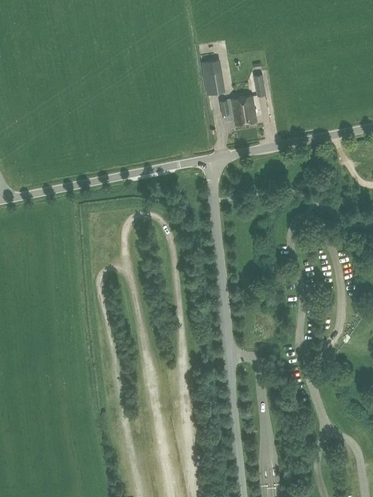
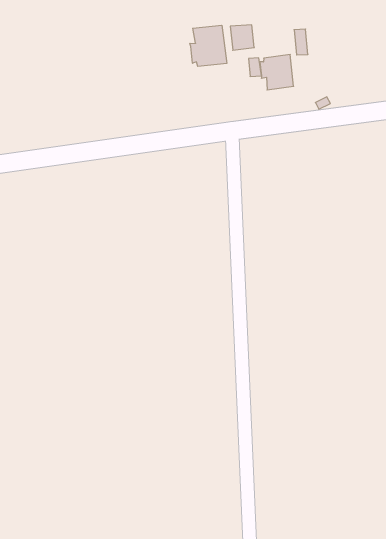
building: none -> [190,25,227,66]

